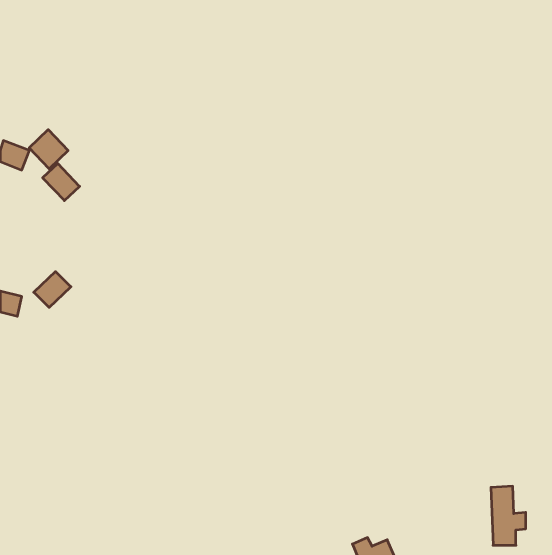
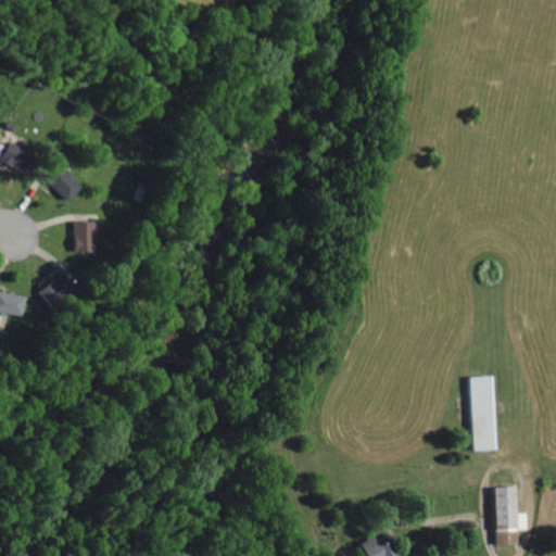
building: [29,130,68,169] -> none
building: none -> [74,222,94,252]
building: none -> [470,376,495,451]

